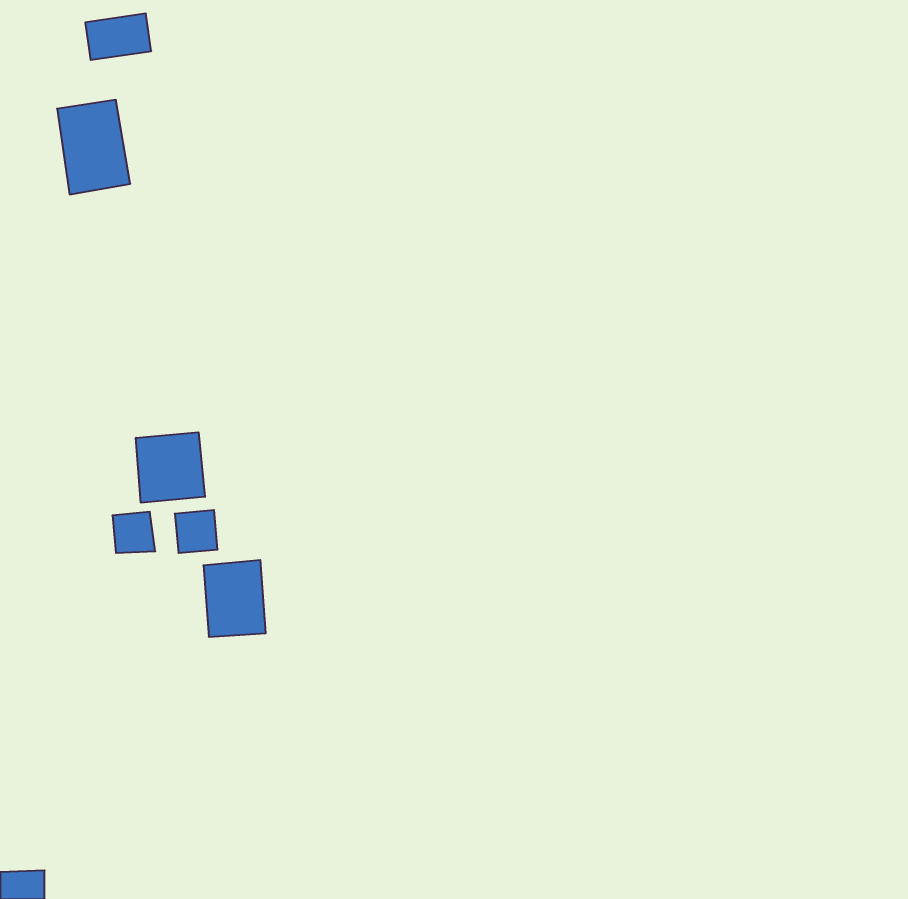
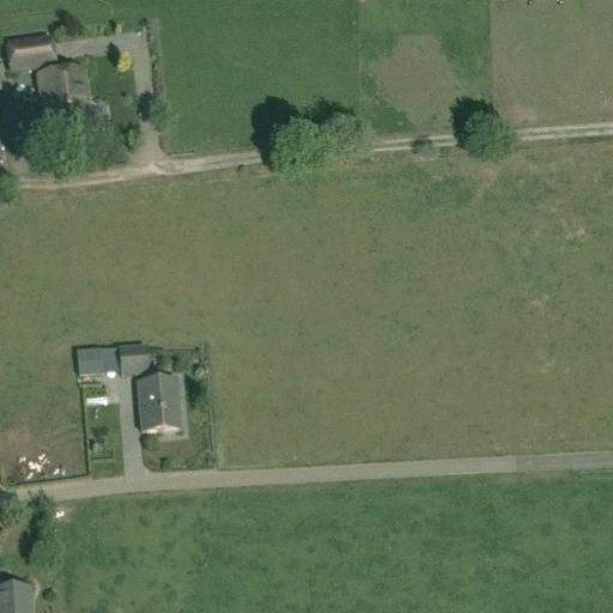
building: [85,14,151,60] -> [8,35,53,66]
building: [136,432,205,503] -> none

